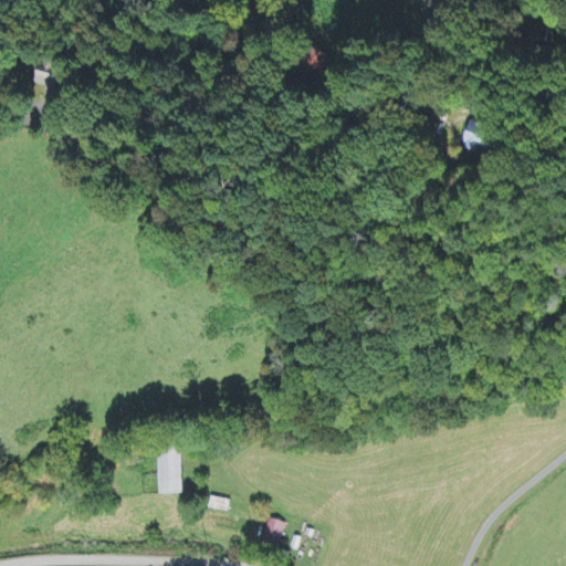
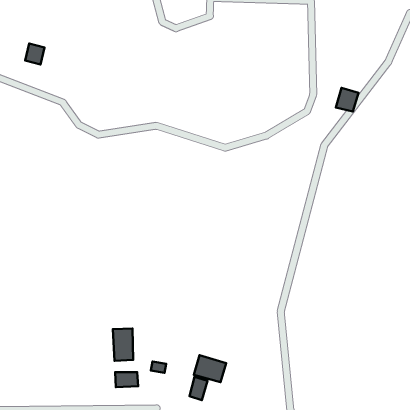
building: none -> [194,355,226,382]
building: none -> [115,372,138,387]

